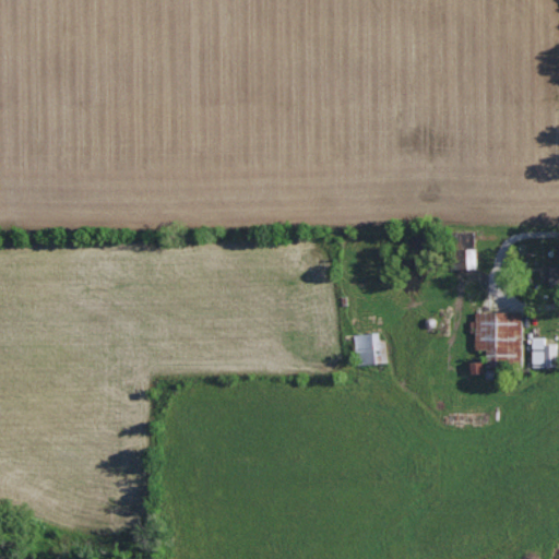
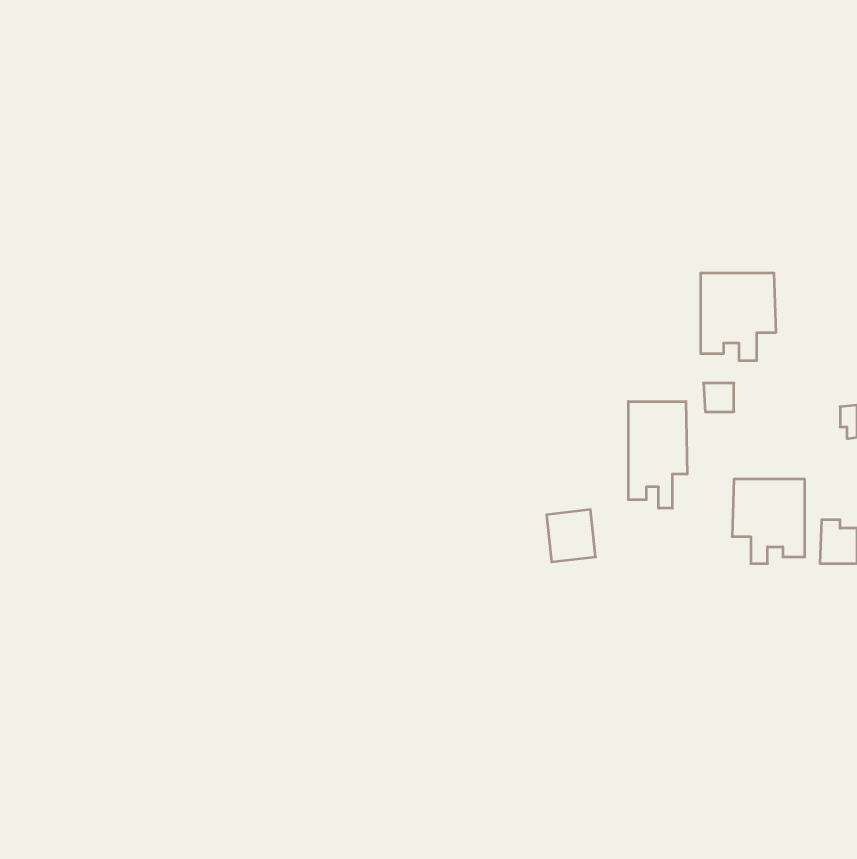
building: none -> [701,273,776,361]
building: none -> [628,401,687,508]

